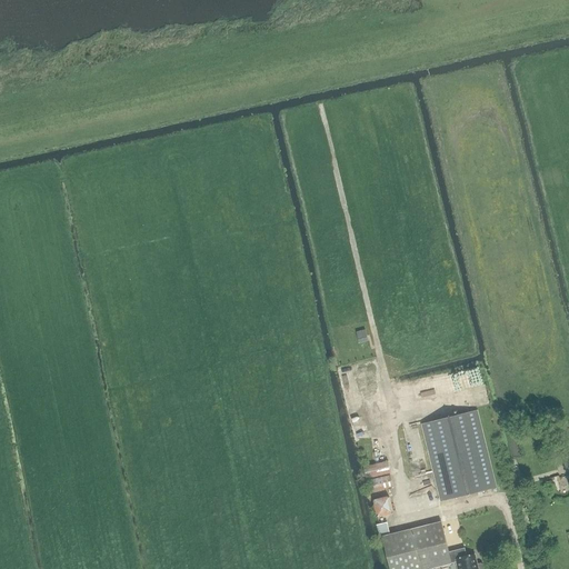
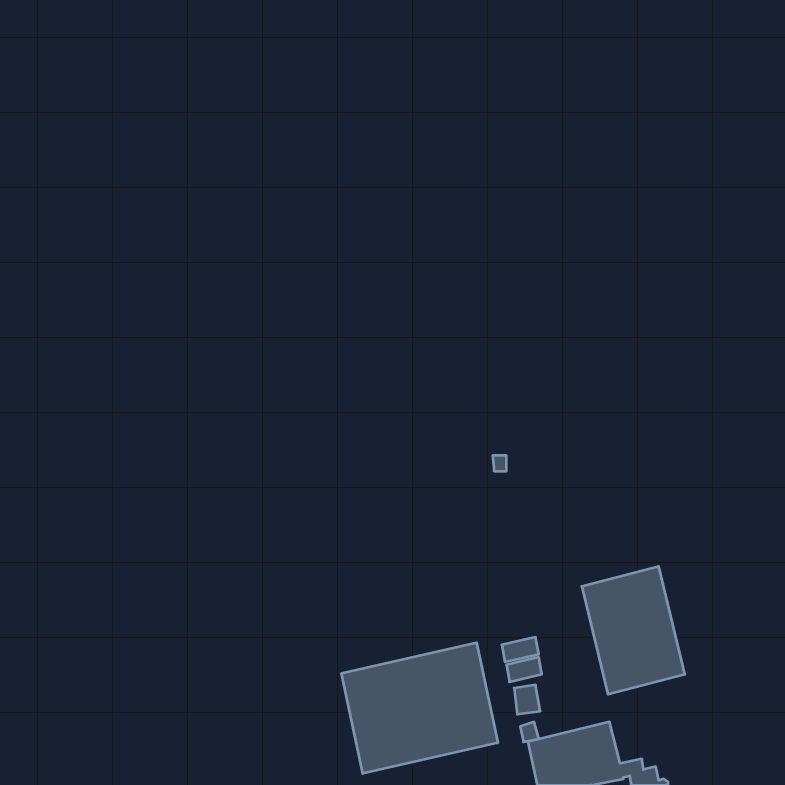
building: none -> [342,643,498,774]

